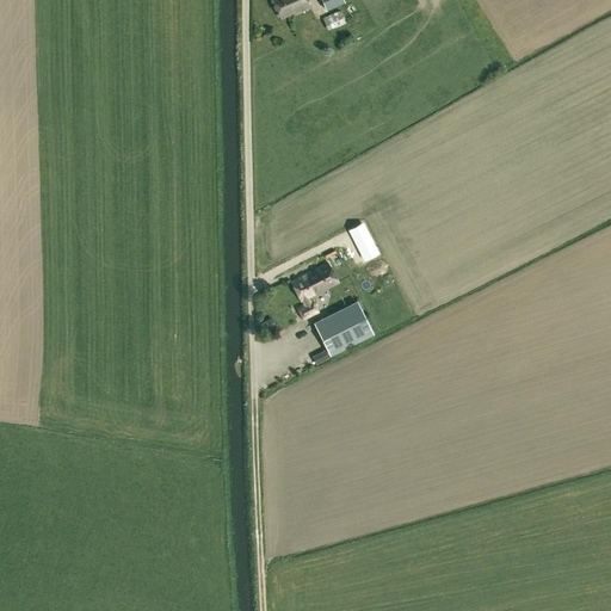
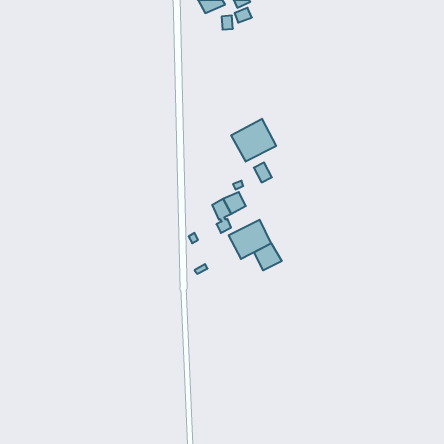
building: none -> [231,119,276,162]
building: none -> [254,243,282,270]

